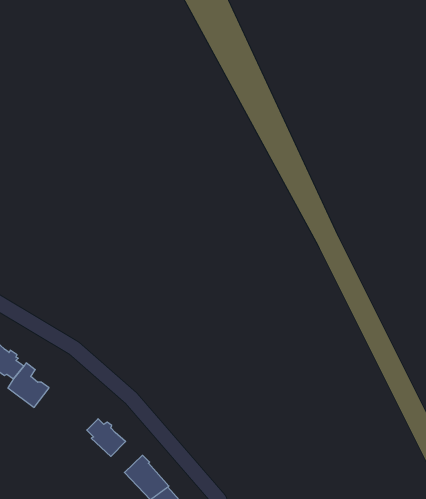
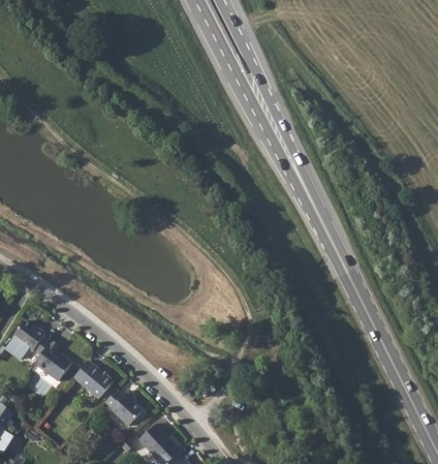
building: none -> [73,360,112,398]

